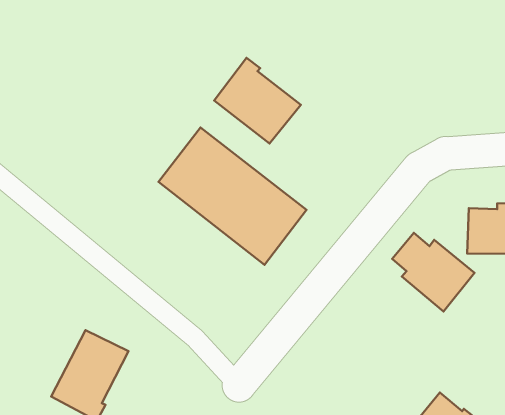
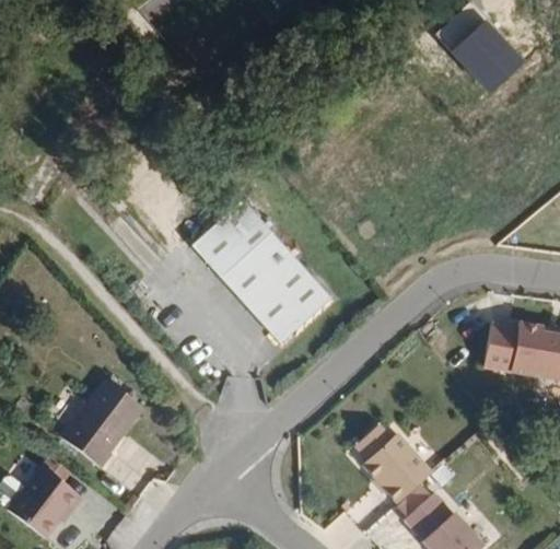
building: [214,58,301,144] -> none
building: [392,233,474,312] -> [355,424,433,505]

